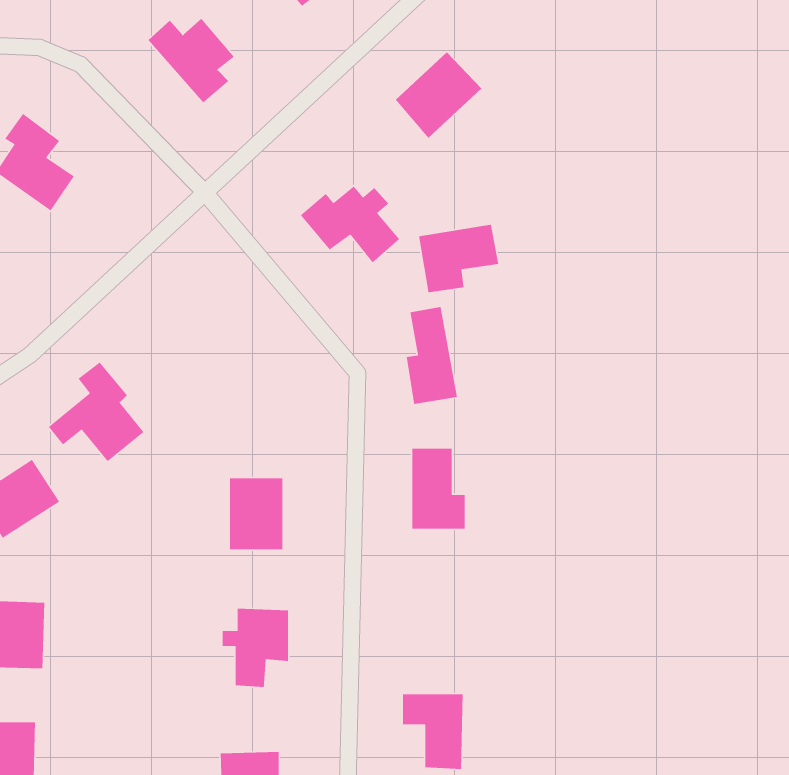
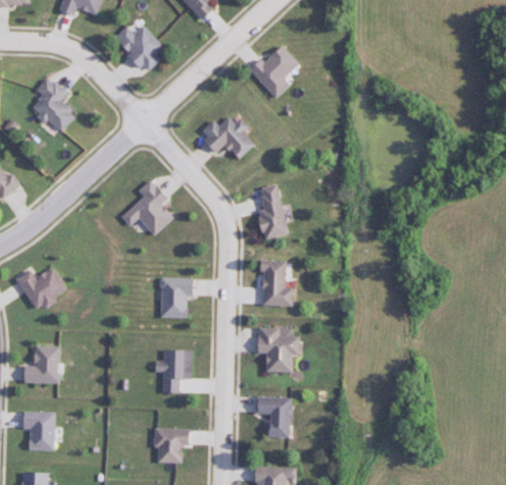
building: [418,224,499,293] -> none
building: [48,362,145,462] -> [121,180,174,235]
building: none -> [256,326,297,371]

